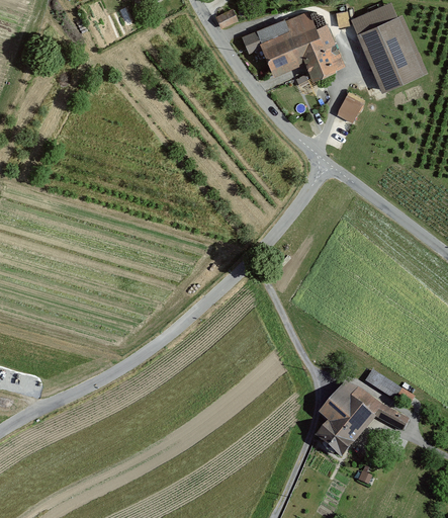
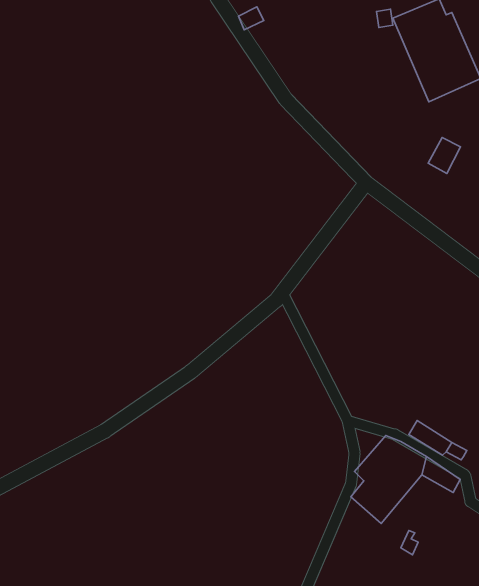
building: [243,9,345,80] -> none
building: [336,92,364,123] -> [428,138,461,173]

